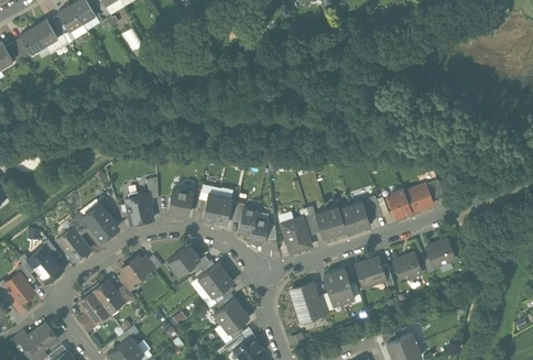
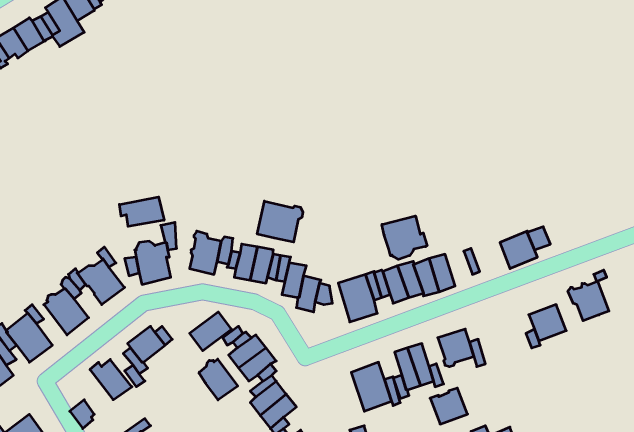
building: none -> [119,197,164,226]
building: none -> [257,201,303,242]
building: none -> [382,216,427,259]
building: [385,188,412,218] -> none
building: none -> [568,281,609,321]
building: [393,253,422,281] -> [430,388,468,424]
building: none -> [199,359,238,400]
building: [79,288,109,323] -> none

